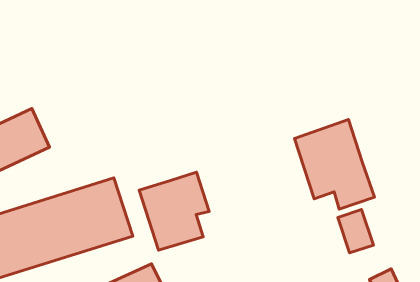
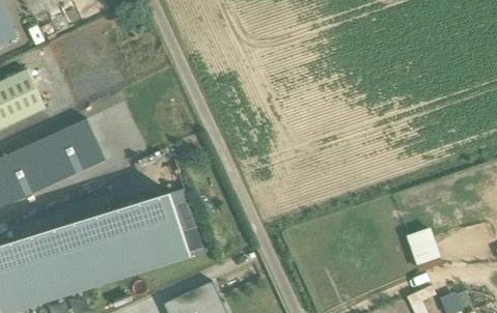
building: [295,120,374,209] -> none
building: [139,172,209,250] -> none

